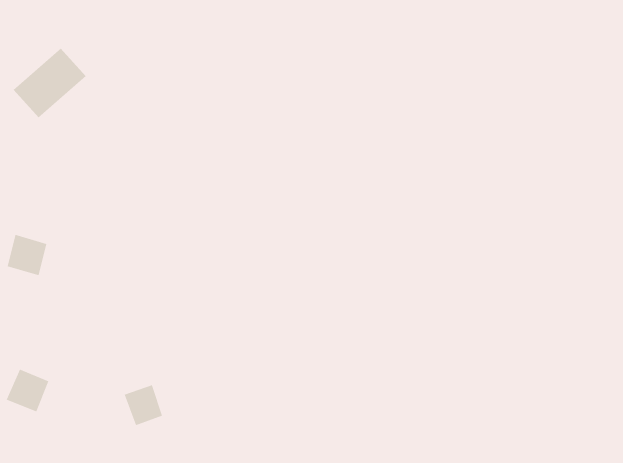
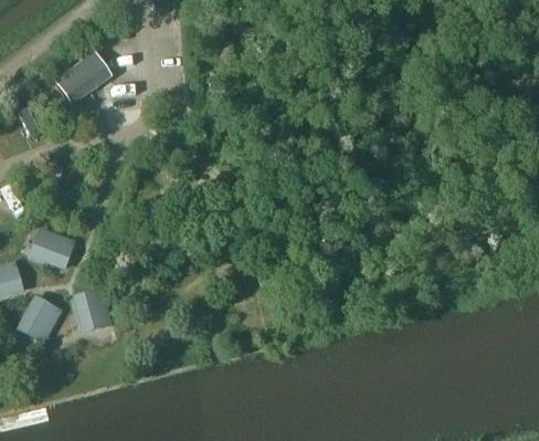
building: [7,234,47,276] -> [40,232,73,266]
building: [124,384,163,426] -> [75,291,104,322]

